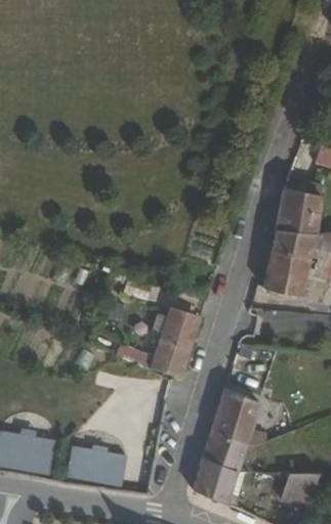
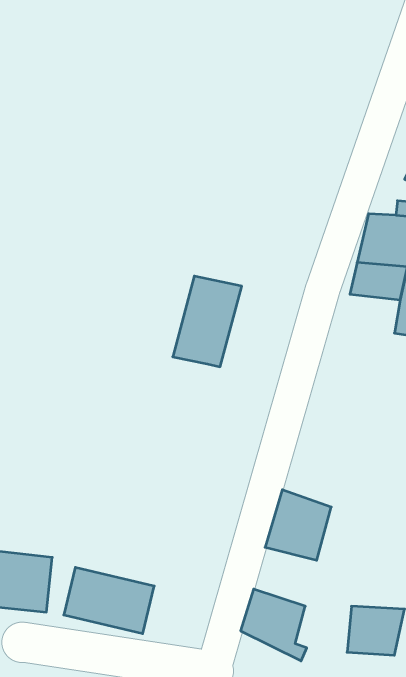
building: [264,249,309,295] -> none
building: [147,313,196,378] -> [173,276,242,367]
building: [205,429,250,471] -> none

